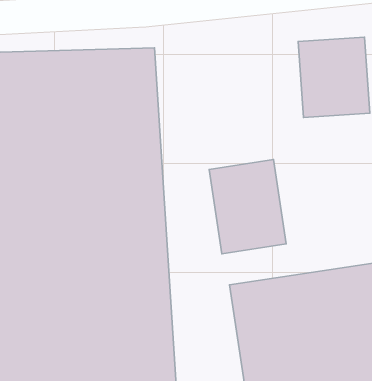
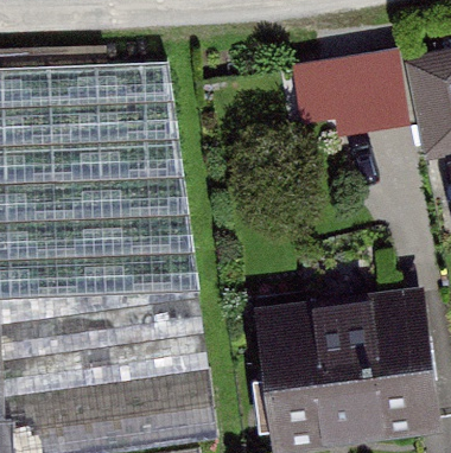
building: [209,160,286,254] -> none

